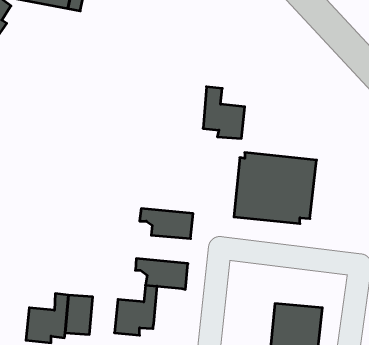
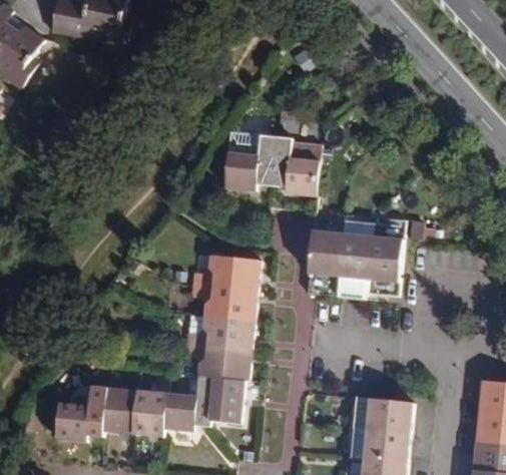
building: none -> [220,133,274,192]
building: none -> [195,251,261,288]
building: none -> [189,314,255,348]
building: none -> [210,375,244,422]
building: none -> [133,388,167,436]

